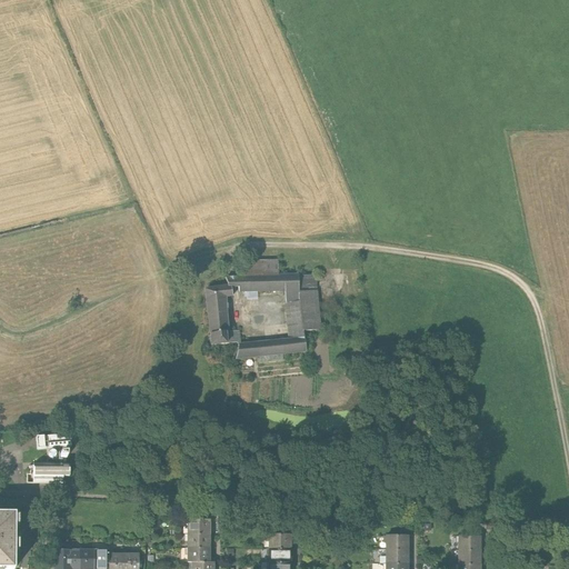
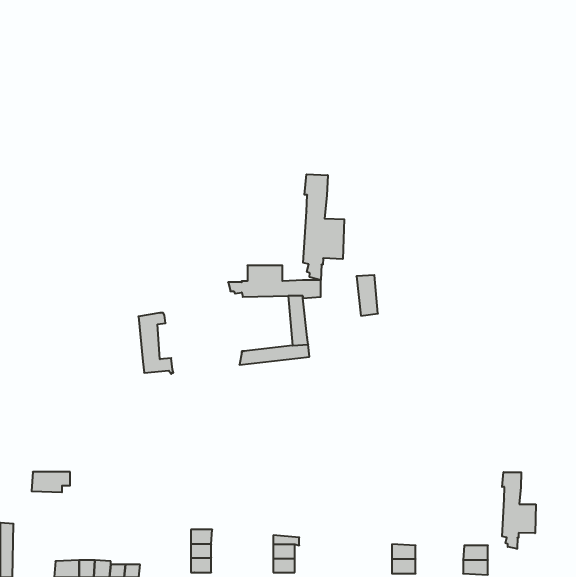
building: none -> [303,174,344,280]
building: [207,287,241,347] -> [138,313,173,374]
building: [299,292,320,332] -> [356,275,378,316]
building: none -> [502,472,536,549]

